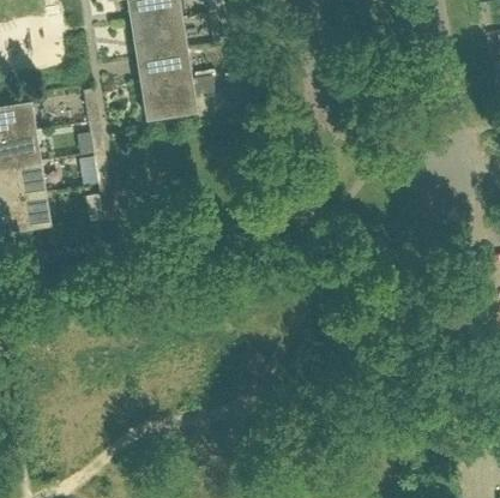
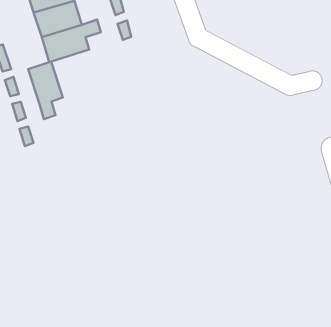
building: none -> [28,61,63,119]

